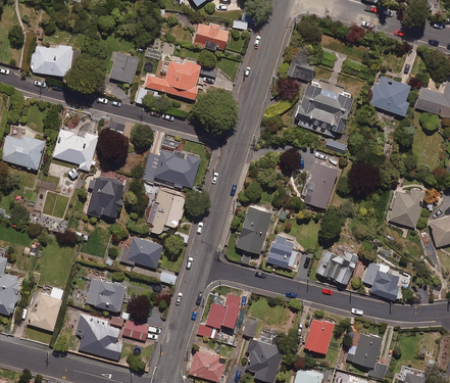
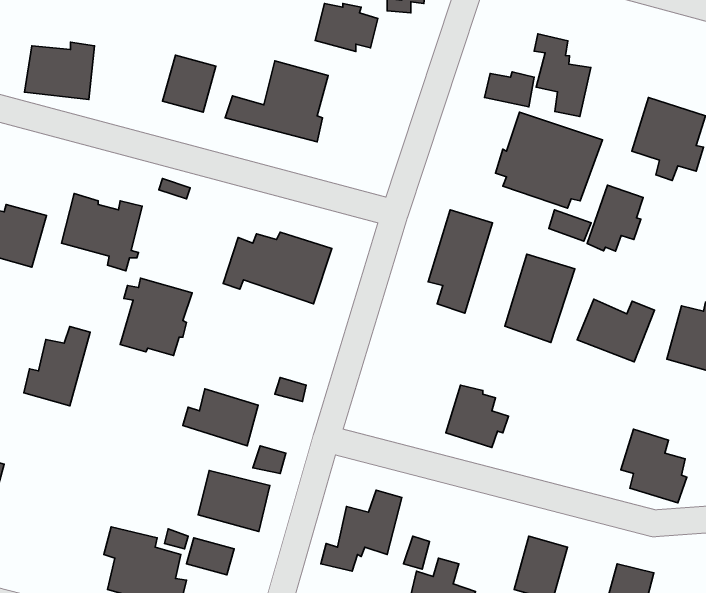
building: none -> [534,34,591,116]
building: none -> [587,185,643,251]
building: [152,190,186,234] -> none
building: [236,207,271,265] -> [428,210,492,313]
building: [315,250,358,285] -> [577,299,654,362]
building: [86,279,126,313] -> [198,471,270,531]
building: [28,287,64,331] -> [24,326,90,406]

